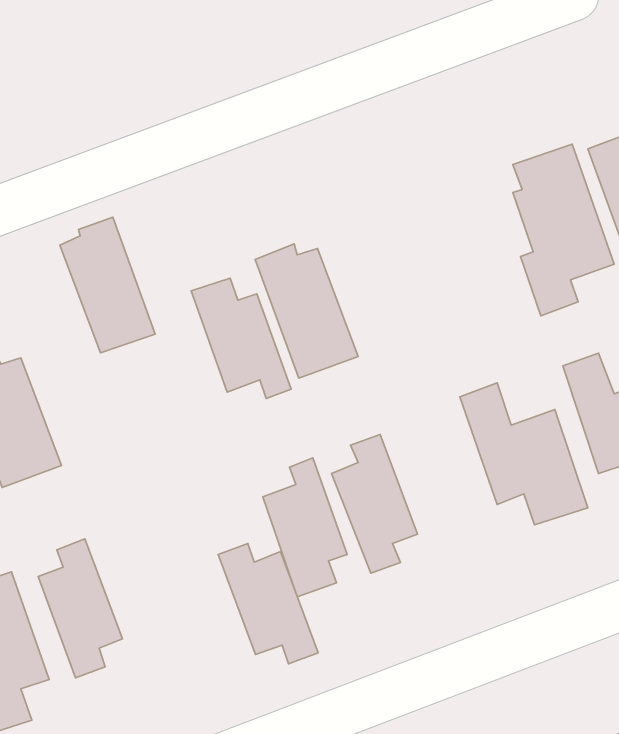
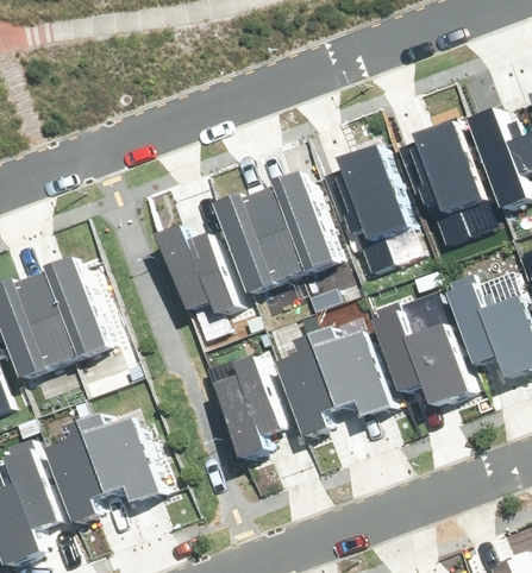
building: none -> [334,140,413,271]
building: [60,217,155,353] -> [35,258,107,361]
building: none -> [261,175,333,278]
building: none -> [308,329,383,421]
building: [218,544,318,664] -> [83,409,159,500]

